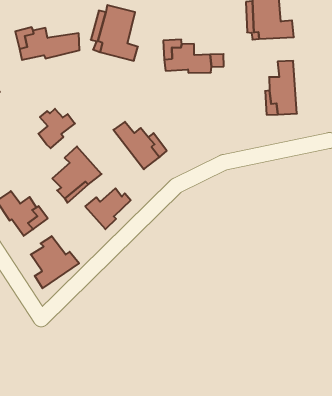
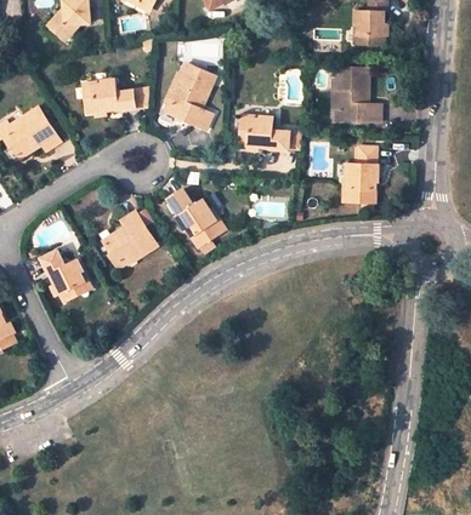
building: [38,109,75,148] -> none
building: [85,188,131,229] -> none
building: [31,236,79,288] -> none

